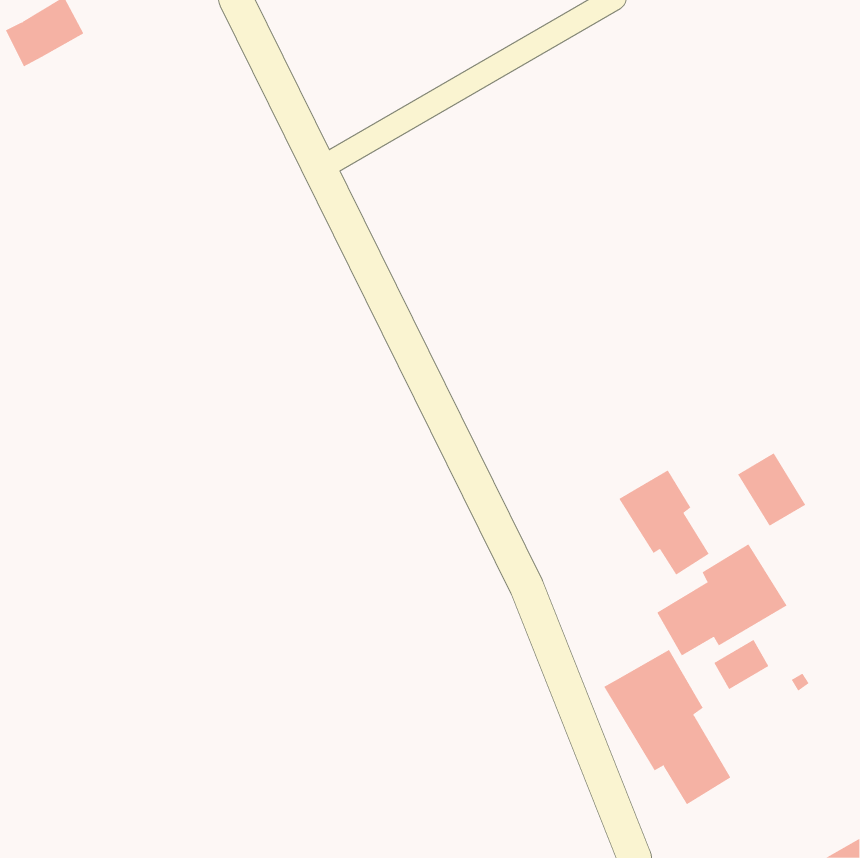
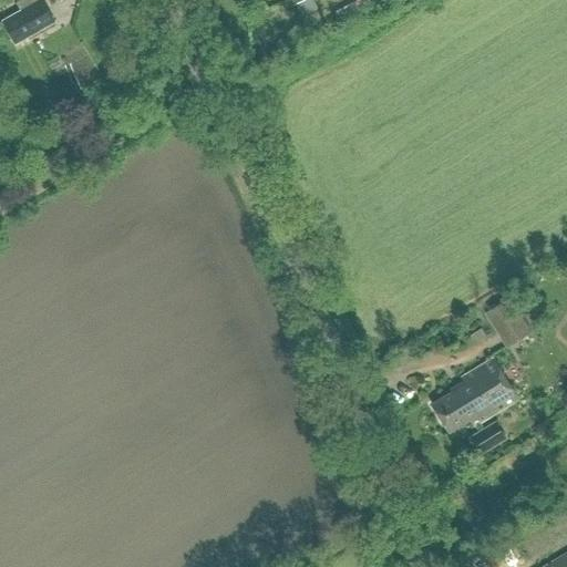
building: [619,469,709,575] -> none
building: [604,649,731,805] -> none

